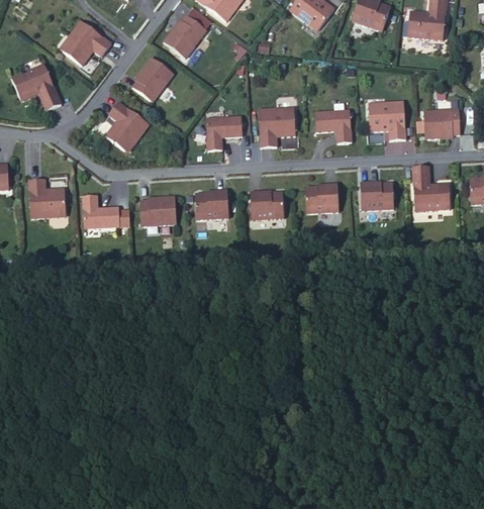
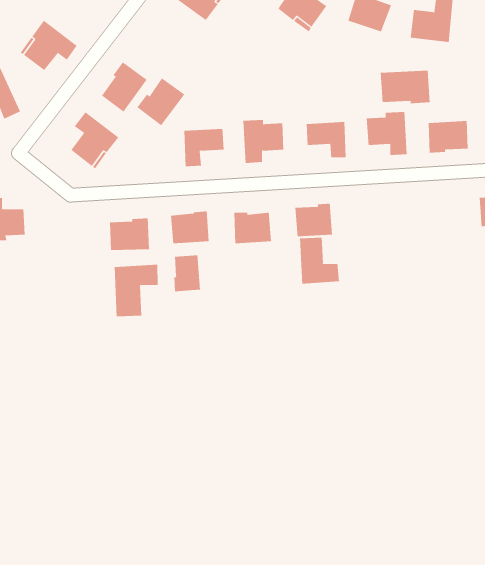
building: [164,14,207,58] -> [137,78,185,126]
building: none -> [380,70,430,104]
building: [413,166,451,210] -> none
building: [361,181,394,209] -> none
building: [82,195,119,227] -> none
building: none -> [299,237,340,285]
building: none -> [174,254,201,292]
building: none -> [114,264,158,317]

